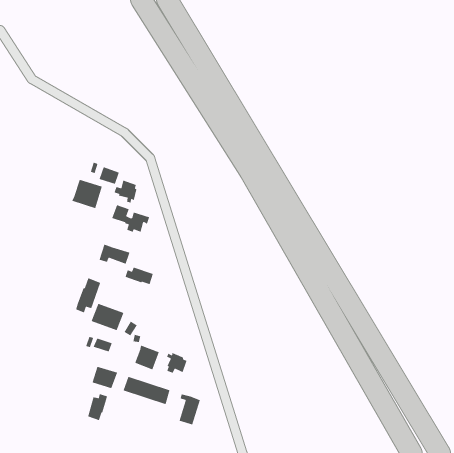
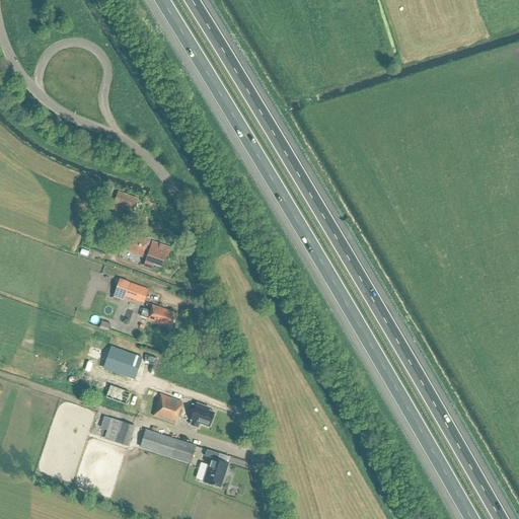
building: [71,179,103,209] -> none
building: [114,180,138,204] -> none
building: [75,277,101,313] -> none
building: [87,393,108,421] -> none

